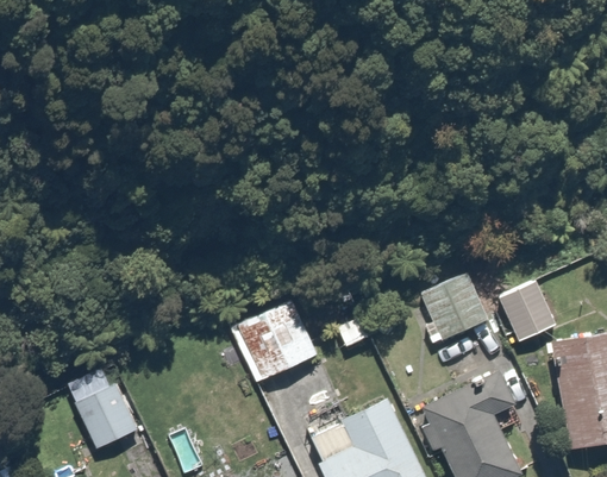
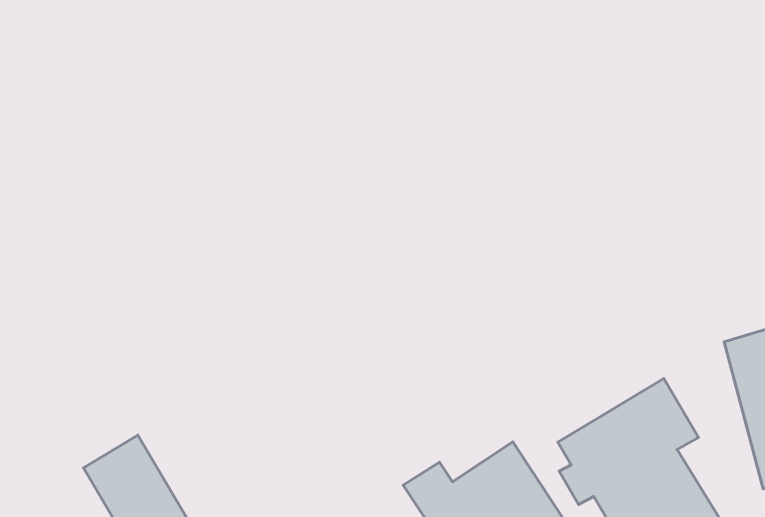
building: [419,270,492,347] -> none
building: [496,281,552,340] -> none
building: [231,302,319,388] -> none

